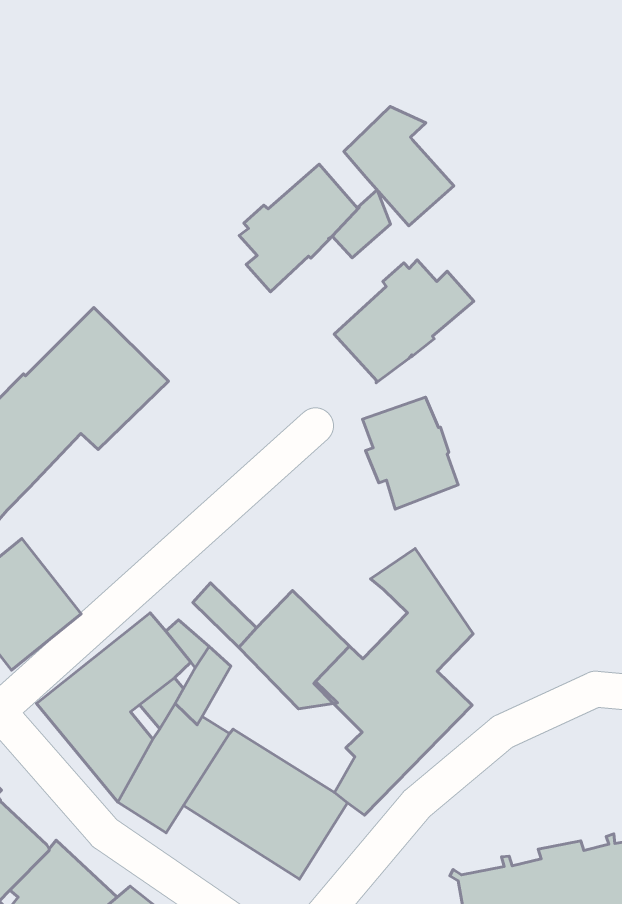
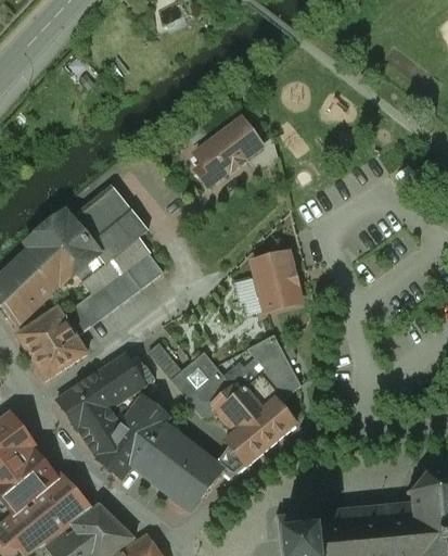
building: [344,107,454,226] -> none
building: [334,260,474,383] -> none
building: none -> [63,252,163,336]

